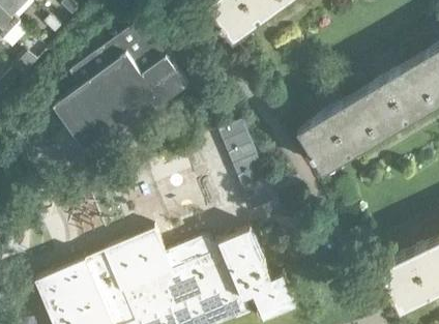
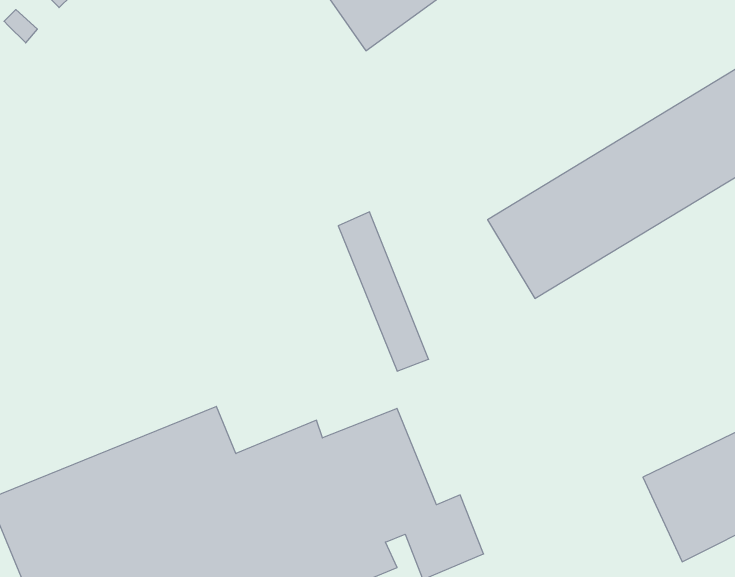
building: [53,22,186,153] -> none

